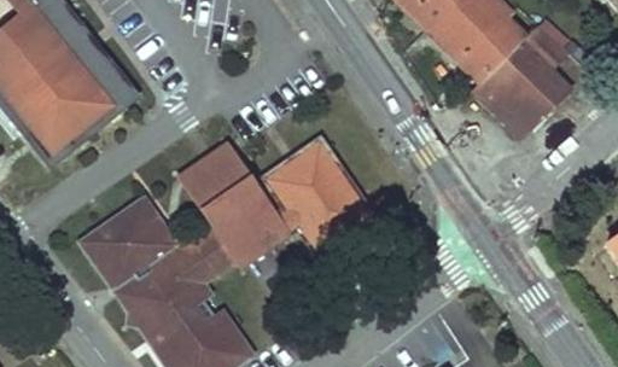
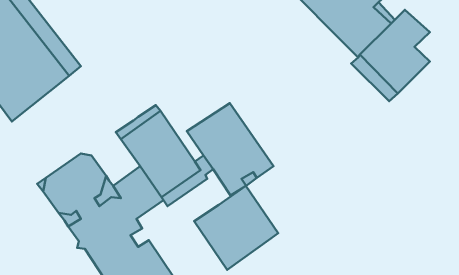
building: none -> [194,186,278,270]

